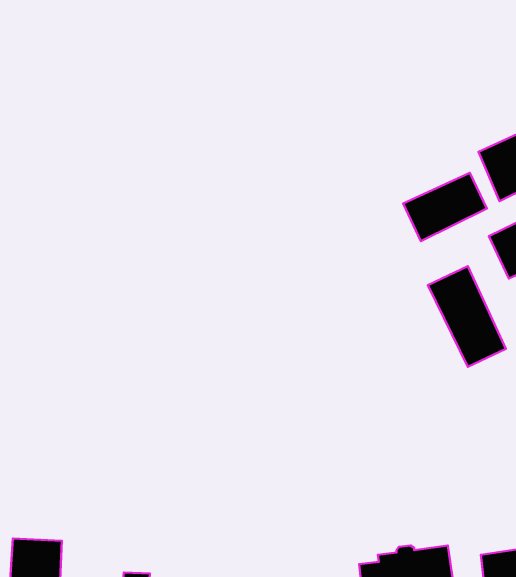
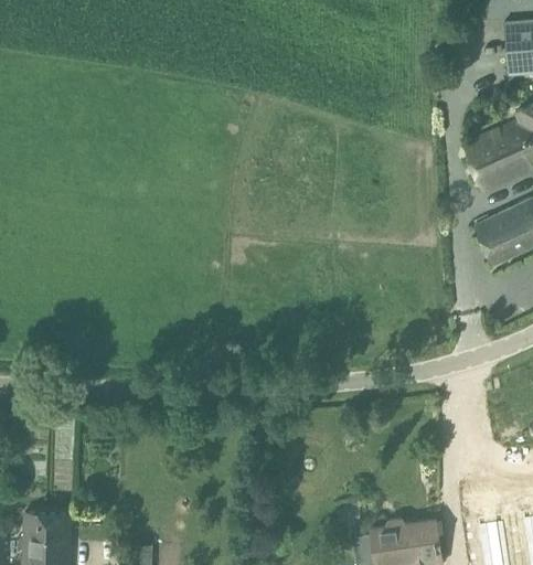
building: [403,173,487,241] -> none
building: [428,266,506,367] -> none

